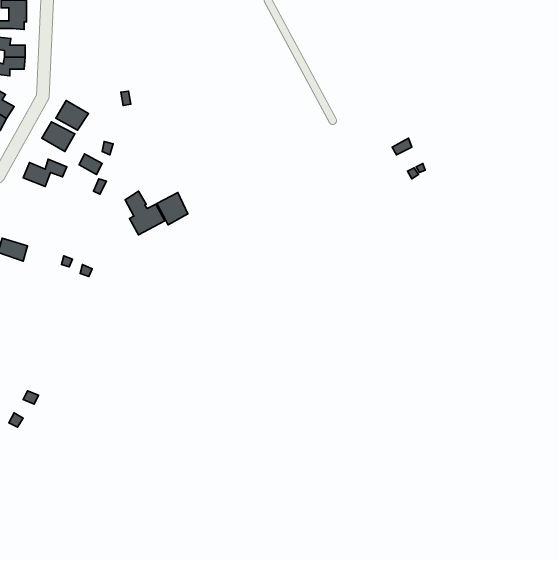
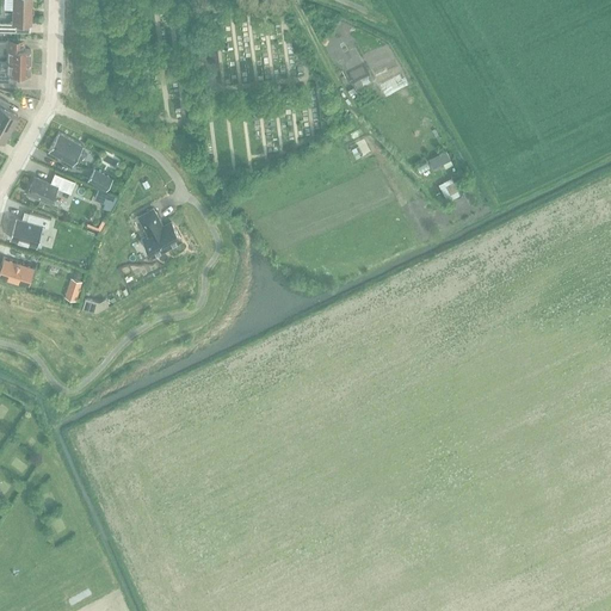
building: [56,100,89,130] -> none
building: [157,193,188,225] -> none
building: none -> [7,212,49,246]

